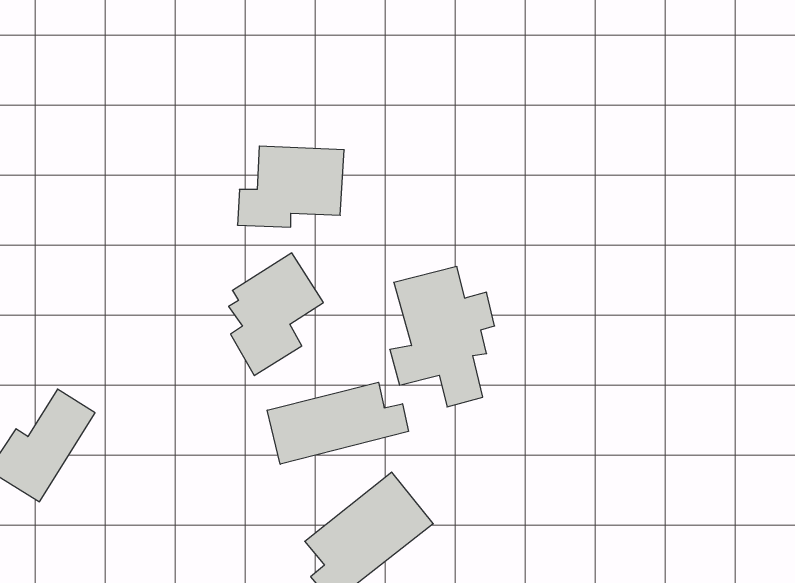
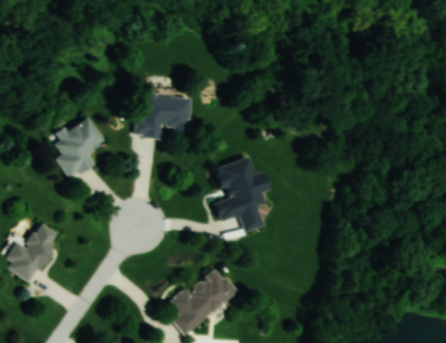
building: [229,253,323,376] -> [56,115,106,179]
building: [267,382,408,464] -> none

